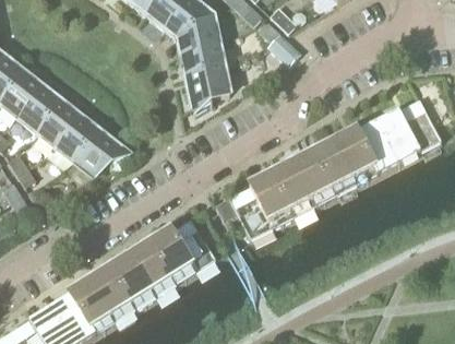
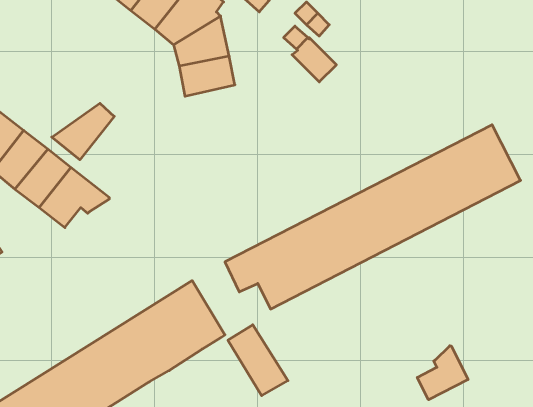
building: [184,67,228,112] -> none
building: none -> [52,103,114,160]
building: none -> [228,325,288,396]
building: none -> [417,346,468,400]

